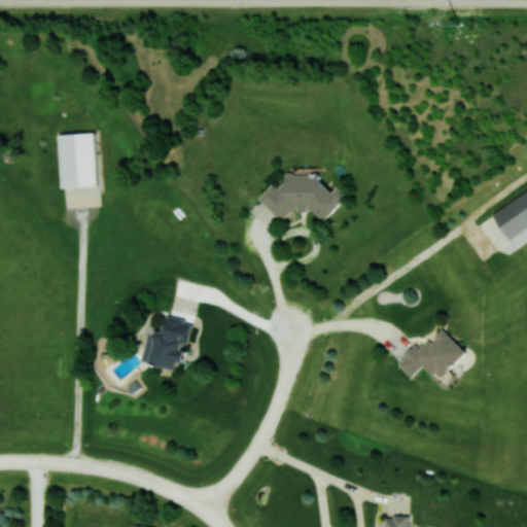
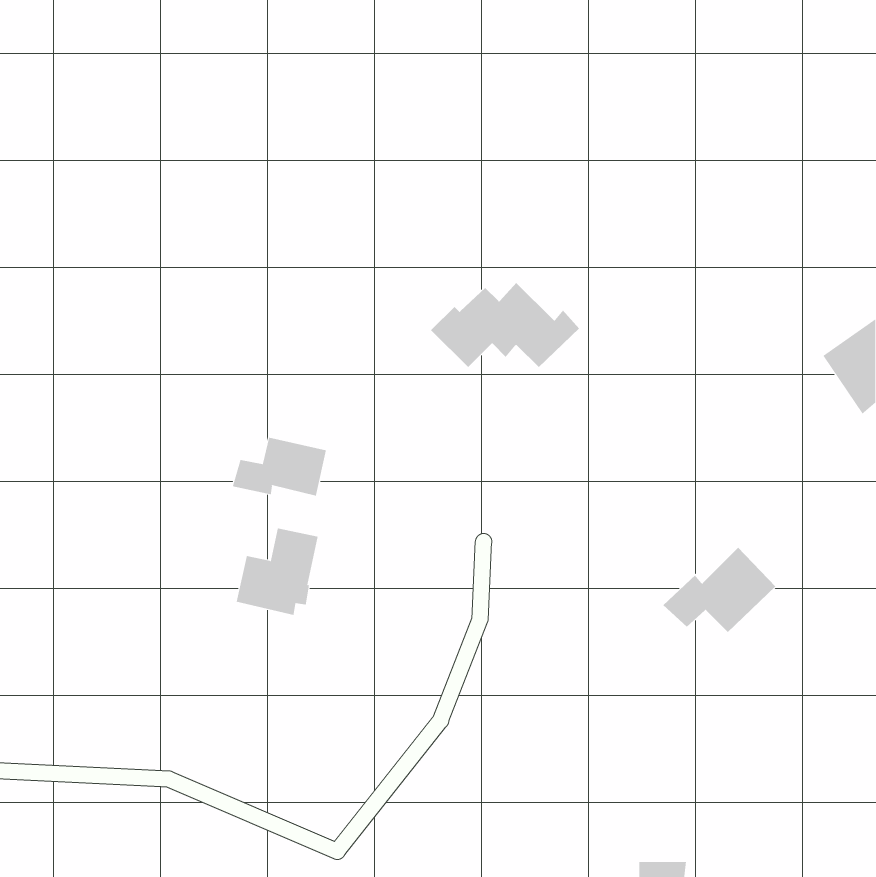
building: [59,134,97,187] -> none
building: none -> [232,437,327,496]

